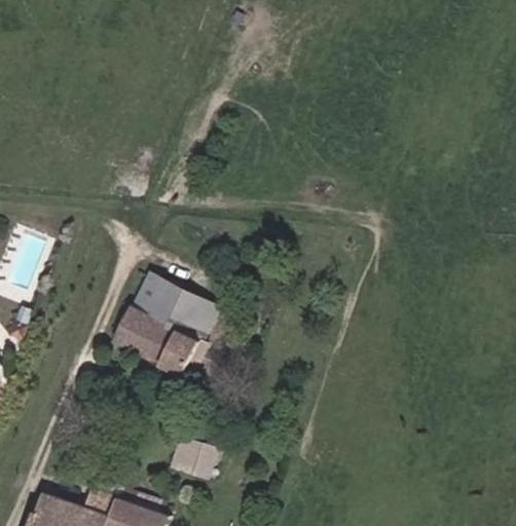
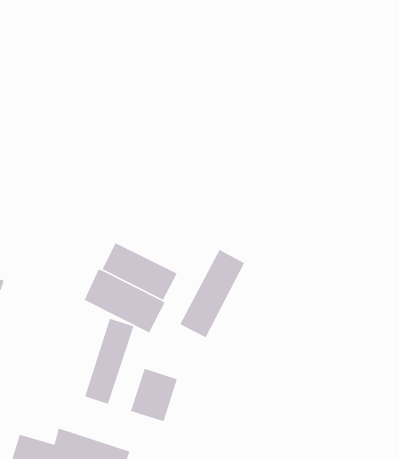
building: none -> [179,249,245,338]
building: none -> [84,318,134,405]

